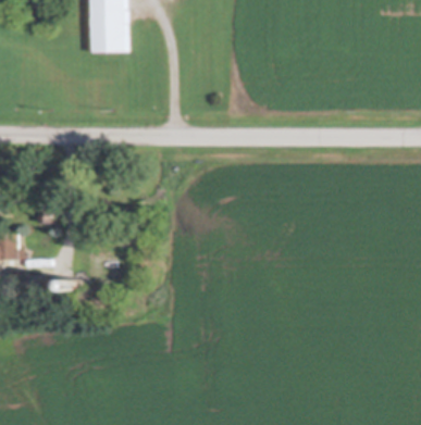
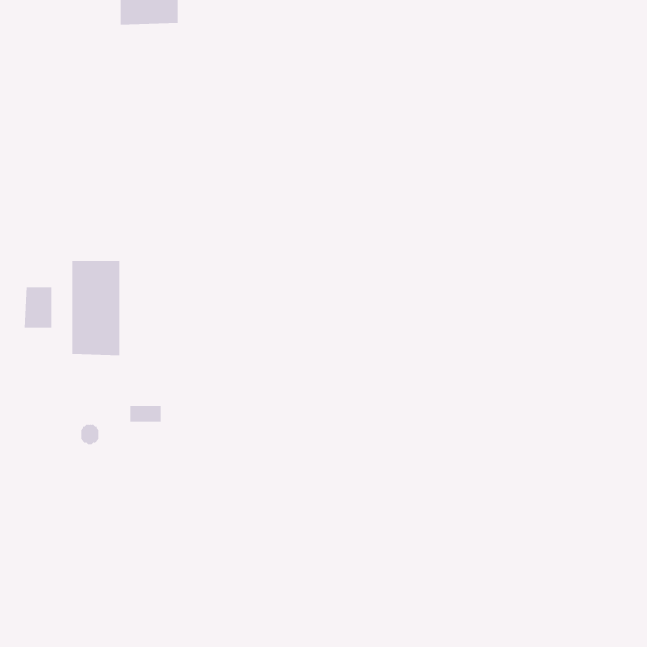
building: none -> [72,260,120,356]

